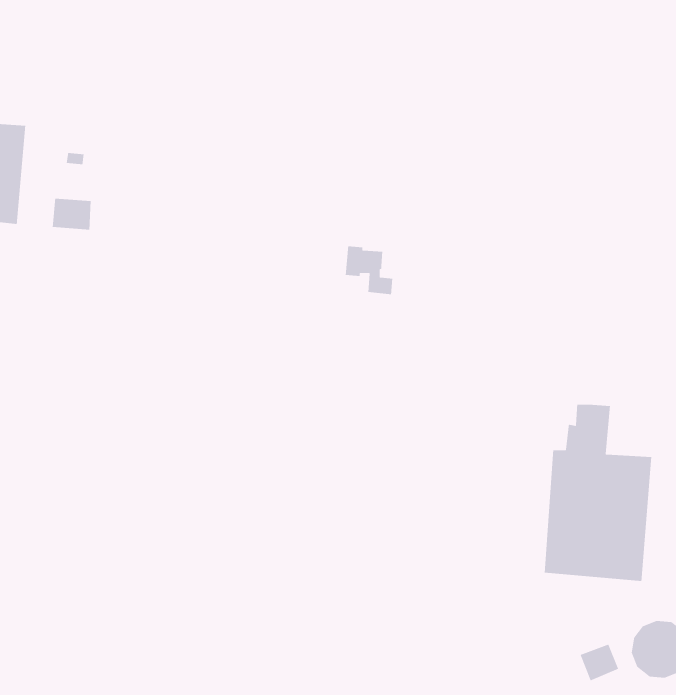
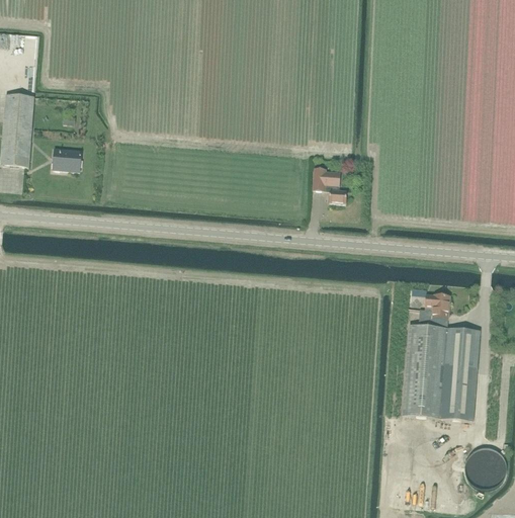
building: [345,246,393,295] -> [313,168,347,203]
building: [580,643,619,681] -> none

